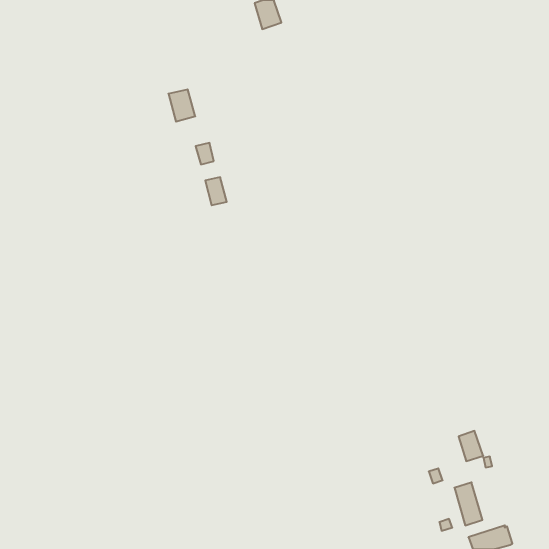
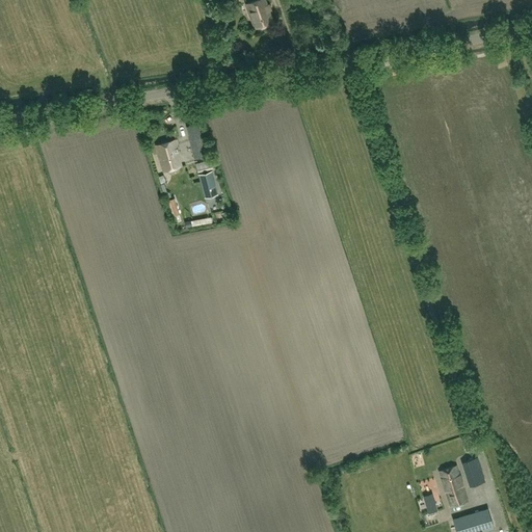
building: [168,89,195,122] -> [156,141,182,172]
building: [459,431,483,461] -> [461,457,485,486]

